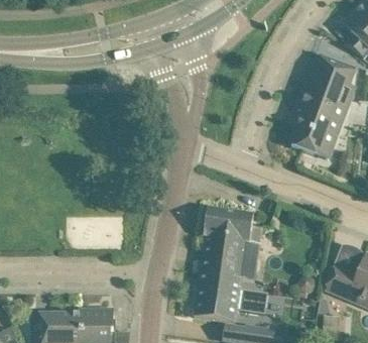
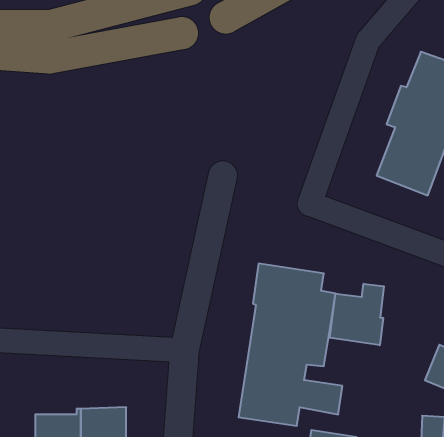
building: none -> [330,284,384,345]

